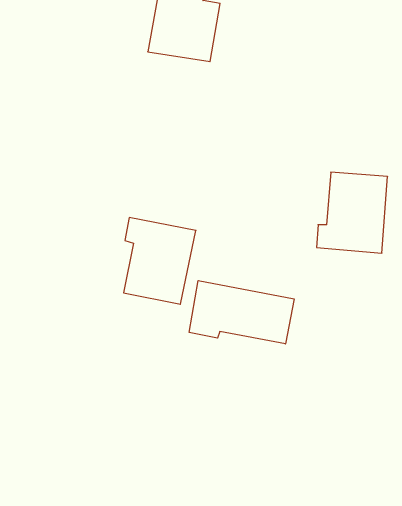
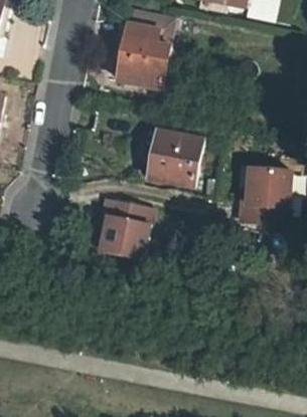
building: none -> [148,131,201,185]
building: [189,281,294,344] -> none

